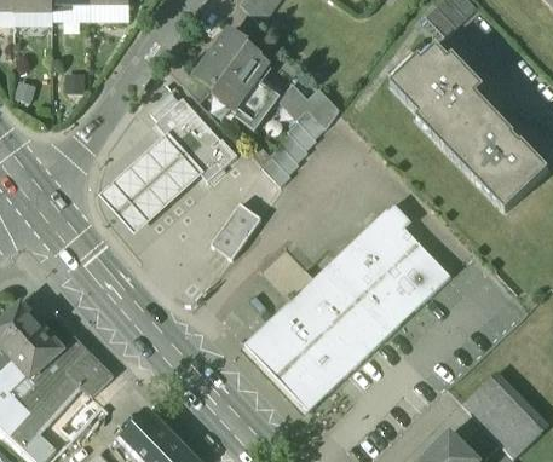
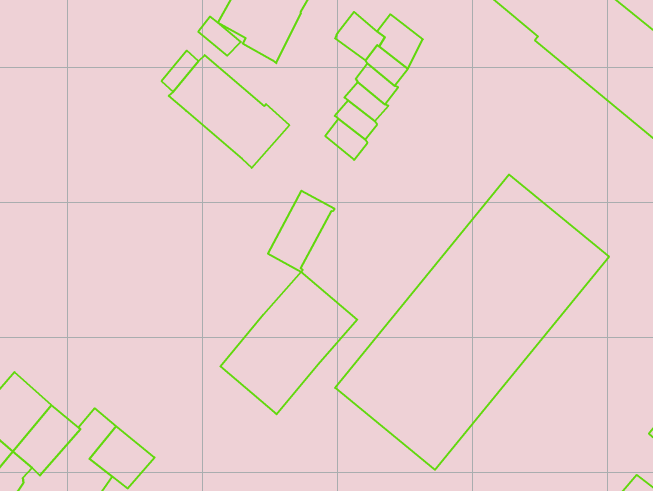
building: [229,76,280,131] -> none
building: [100,135,201,233] -> [220,272,357,414]

